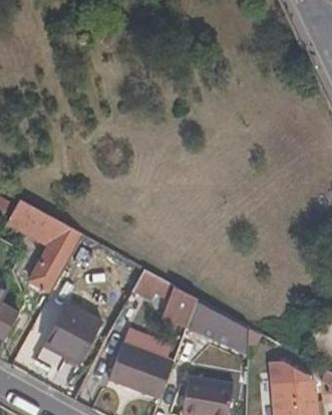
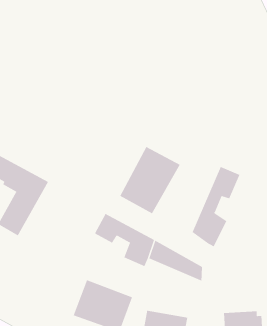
building: none -> [119,146,180,214]
building: none -> [192,166,240,247]
building: [42,300,103,366] -> none

